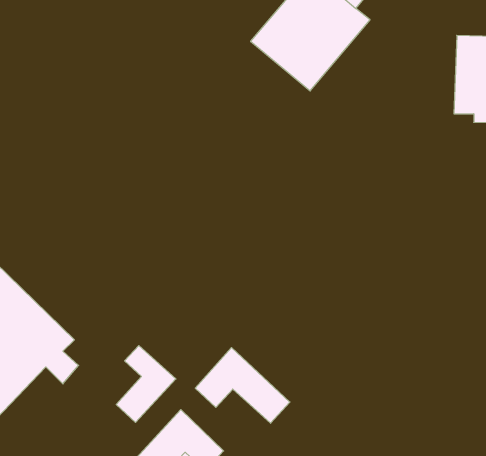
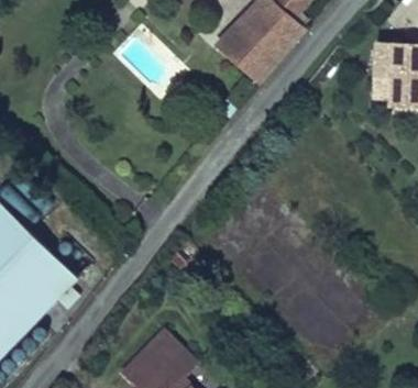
building: [116,346,176,422] -> none
building: [195,348,290,423] -> none

